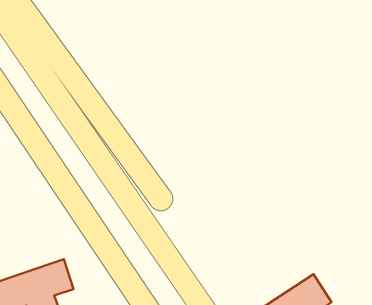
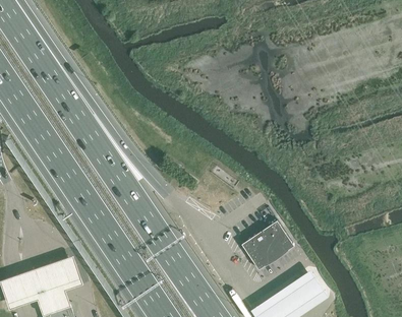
building: none -> [242,221,292,268]

